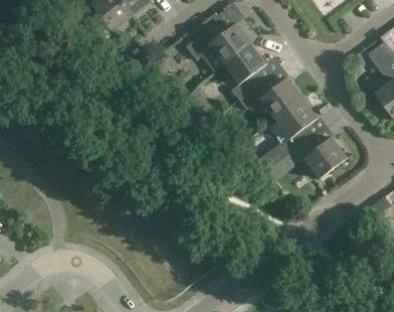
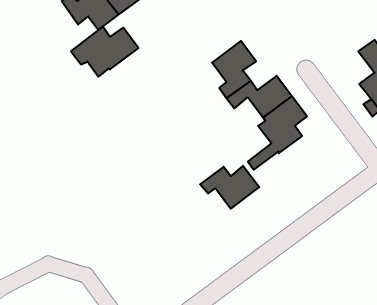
building: [187,22,253,71] -> [71,27,138,77]
building: [290,136,349,178] -> [200,166,259,209]

